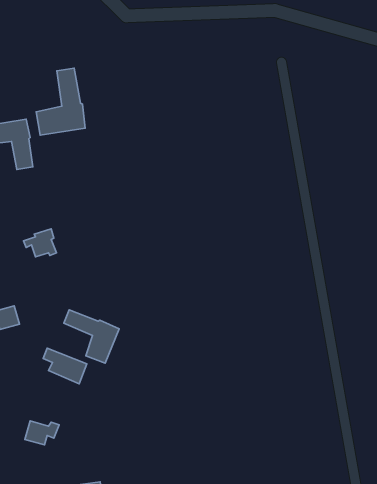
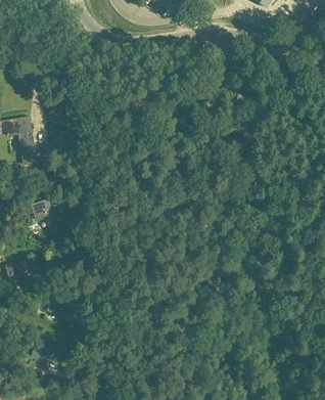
building: [36,68,85,135] -> none
building: [64,310,119,363] -> none

